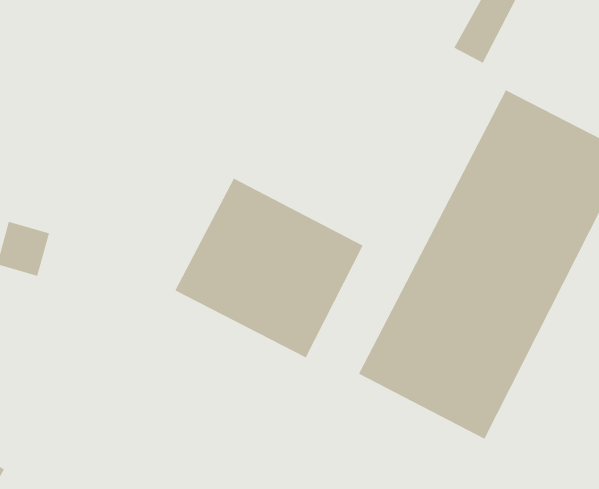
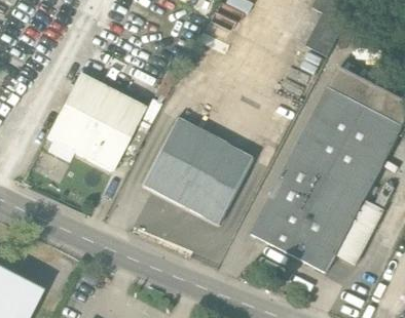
building: none -> [45,73,144,171]

